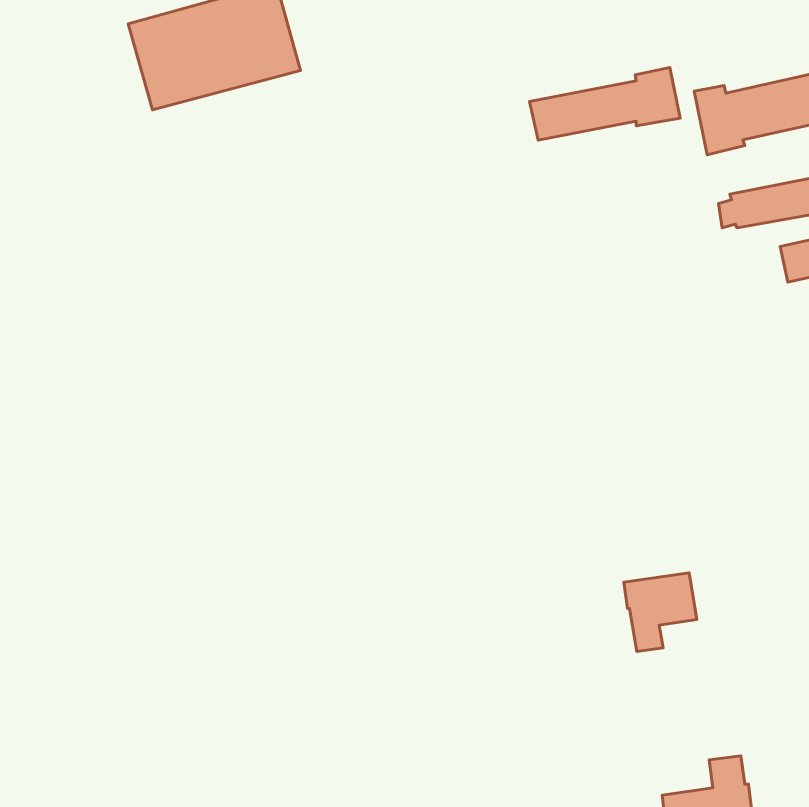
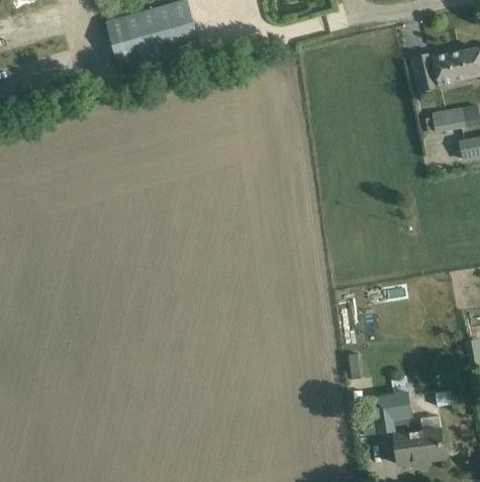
building: [529,67,680,140] -> none
building: [624,573,697,651] -> [373,391,412,433]

